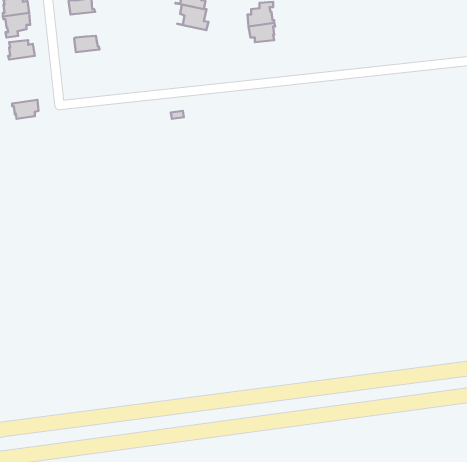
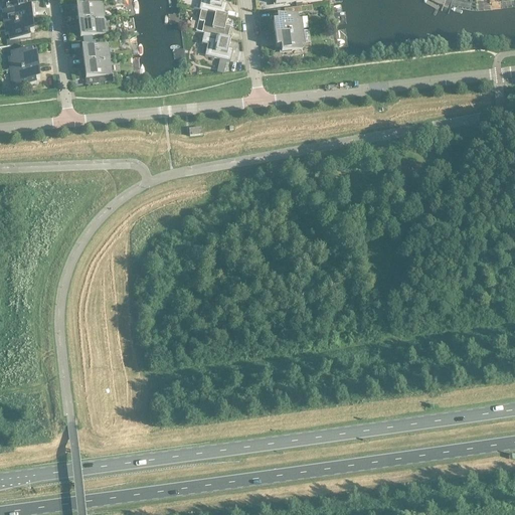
building: none -> [77,13,105,32]
building: none -> [198,28,232,56]
building: none -> [83,54,113,79]
building: [12,100,39,119] -> [10,61,39,82]

